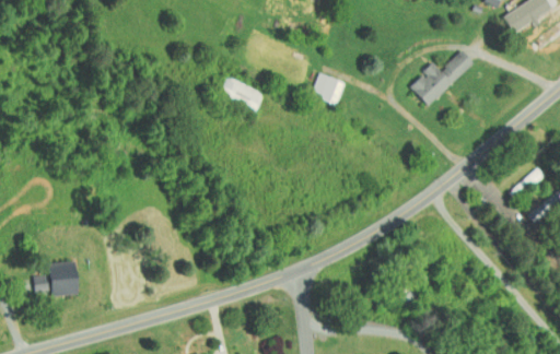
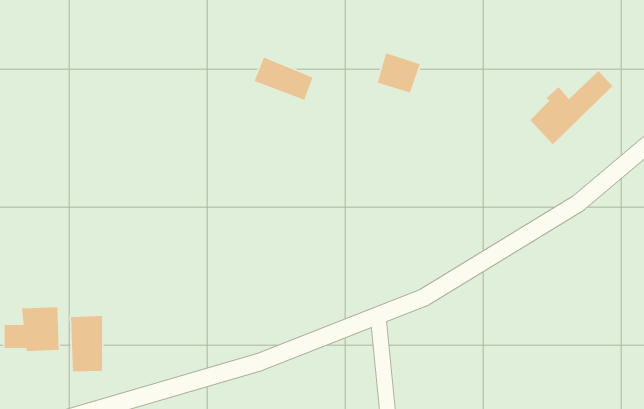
building: [411,50,474,106] -> [529,70,613,145]
building: none -> [70,315,103,372]

